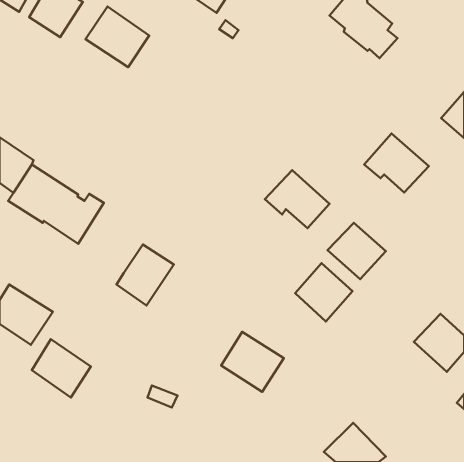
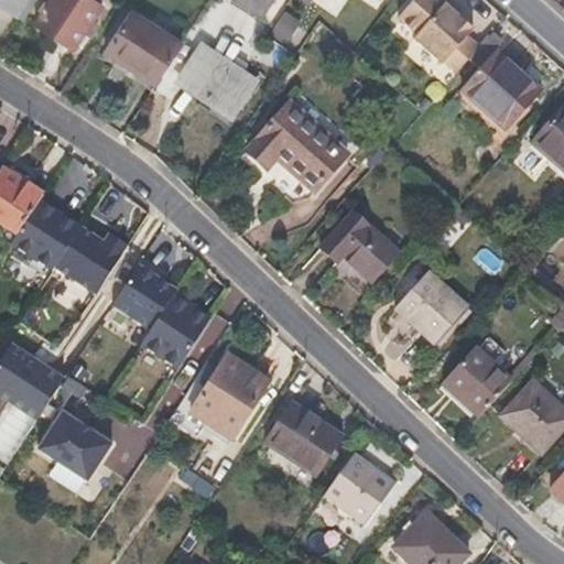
building: none -> [178,44,256,113]
building: none -> [238,89,356,200]
building: [364,133,429,193] -> [465,48,543,120]
building: none -> [112,264,177,330]
building: [295,263,352,321] -> [443,347,512,417]
building: none -> [188,355,267,440]
building: none -> [318,446,390,520]

